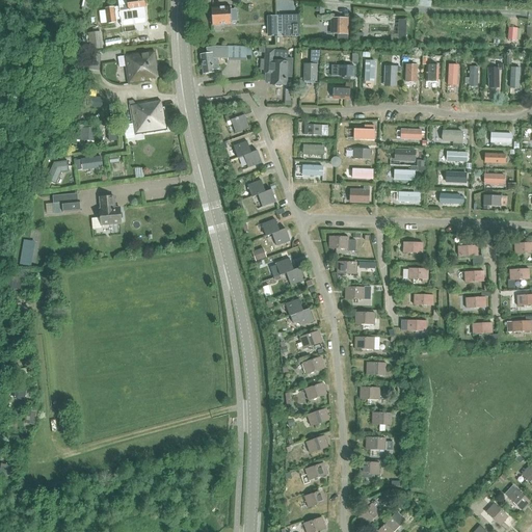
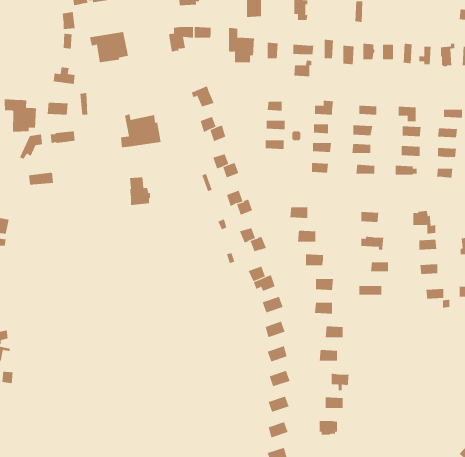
building: [124,99,167,135] -> [120,113,162,148]
building: none -> [4,99,37,132]
building: [100,194,123,224] -> [129,177,151,205]

